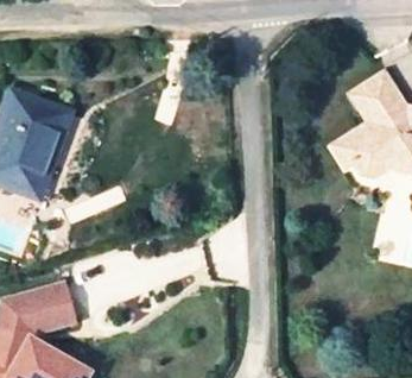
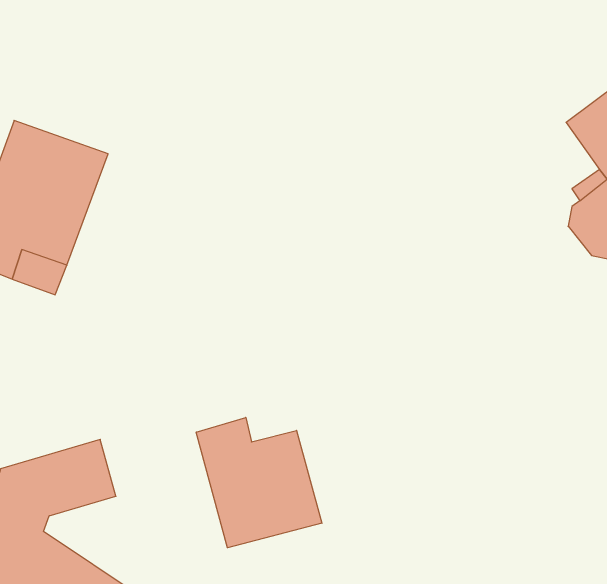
building: none -> [196,417,322,548]

